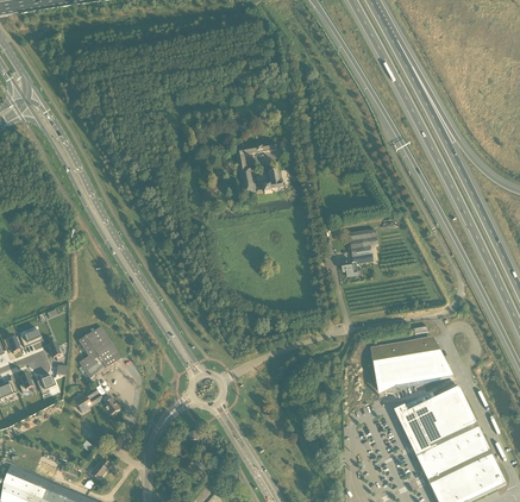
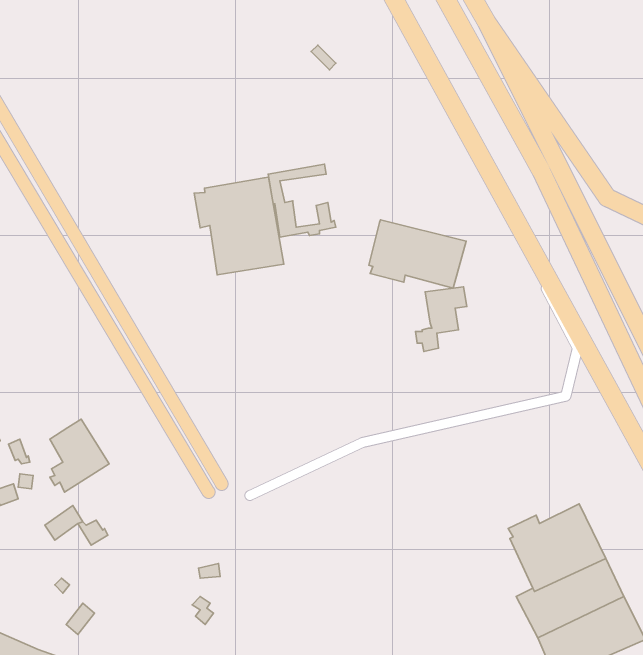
building: none -> [194,177,284,275]
building: none -> [369,220,466,288]
building: [369,338,453,390] -> none

